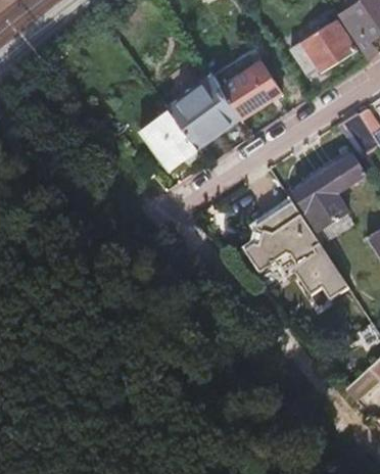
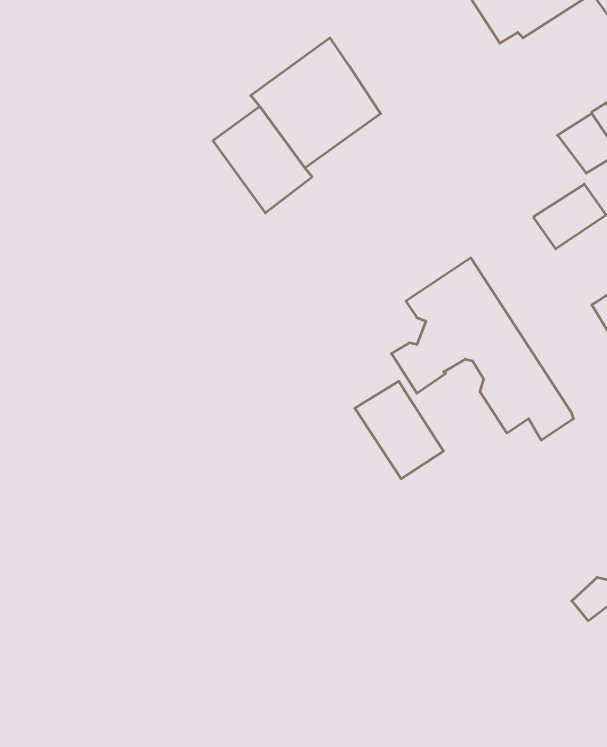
building: [222,61,284,120] -> none
building: [298,174,350,230] -> none
building: none -> [355,381,444,479]

